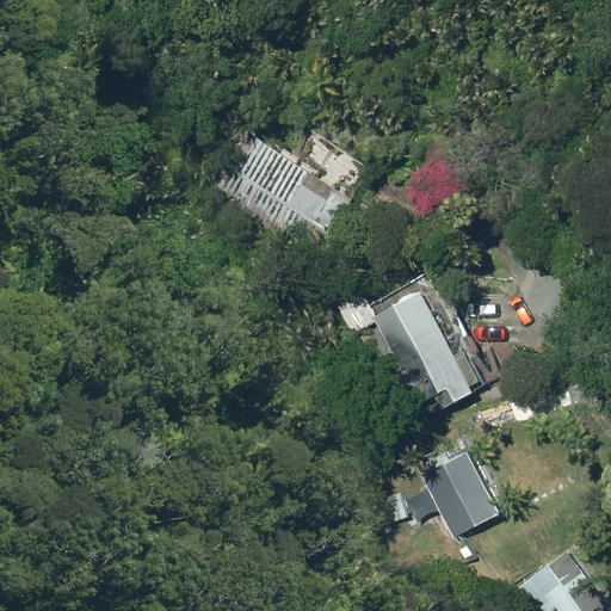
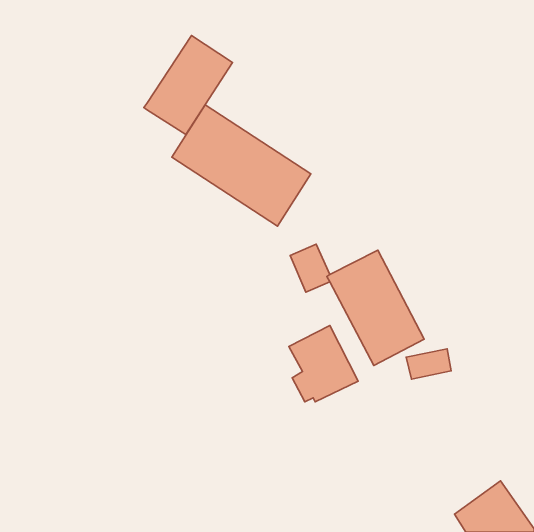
building: none -> [144,36,233,135]
building: [422,450,501,537] -> [289,326,358,402]

